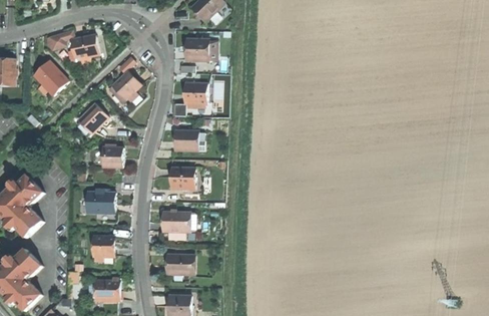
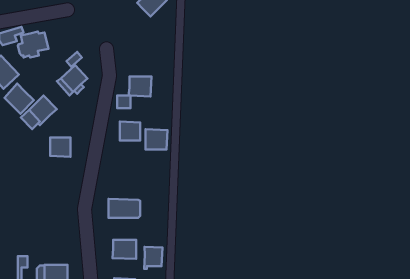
building: [184,38,216,60] -> none
building: none -> [5,84,34,114]
building: [171,167,194,188] -> [146,129,167,149]
building: [86,191,114,213] -> none
building: [93,235,114,260] -> none
building: none -> [144,247,162,269]

